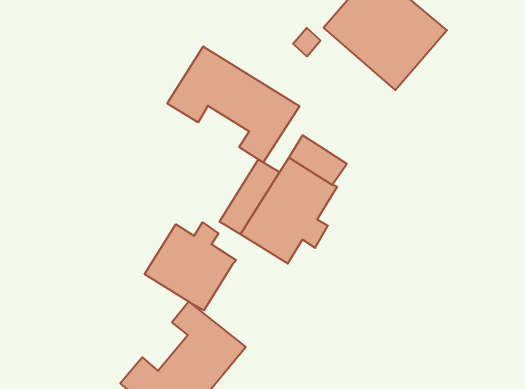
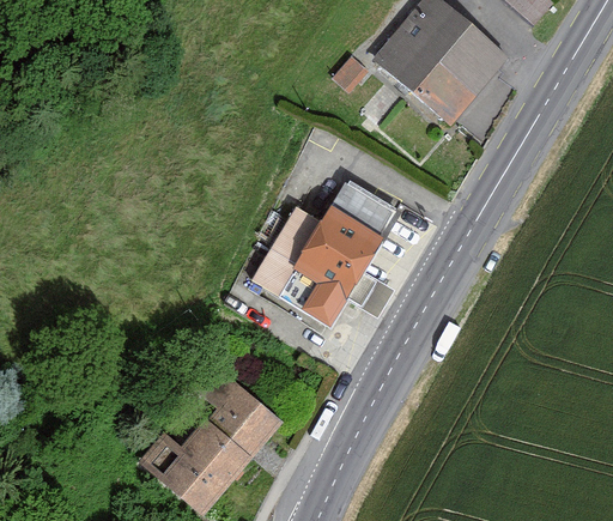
building: [167,46,299,162] -> none
building: [145,222,236,311] -> none

